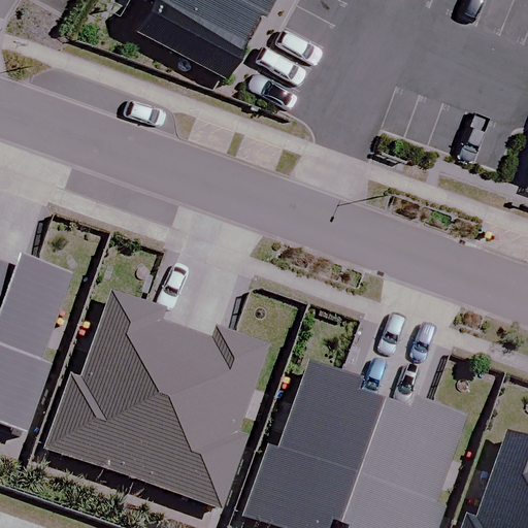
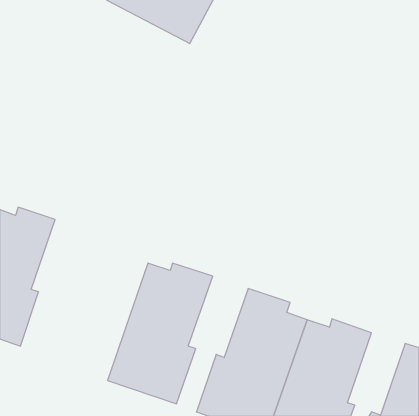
building: [46,291,186,477] -> none

